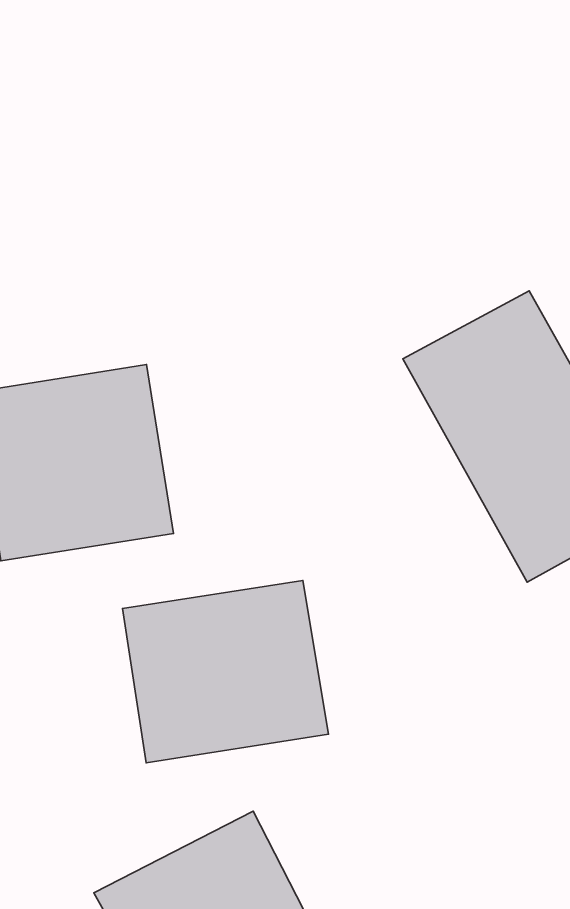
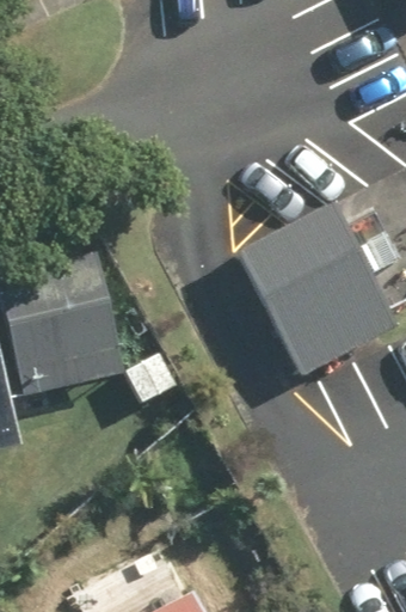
building: [123,580,329,763] -> none

